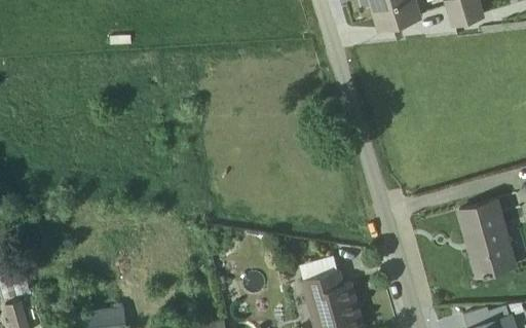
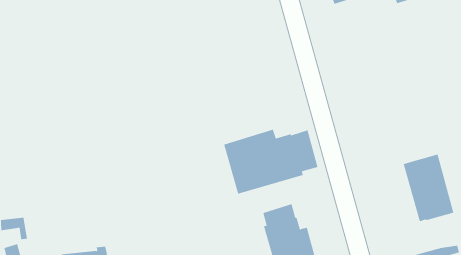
building: none -> [224,129,318,194]

